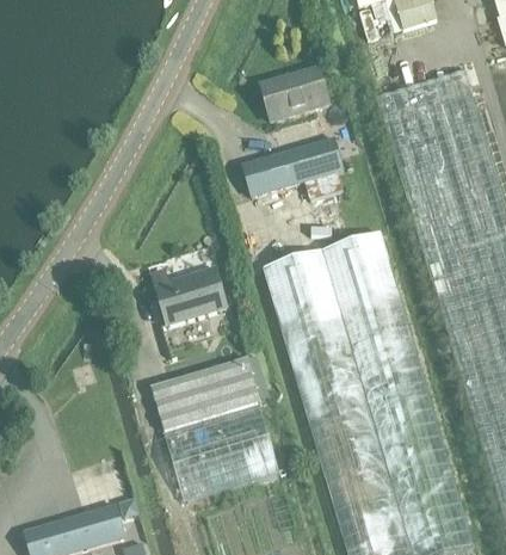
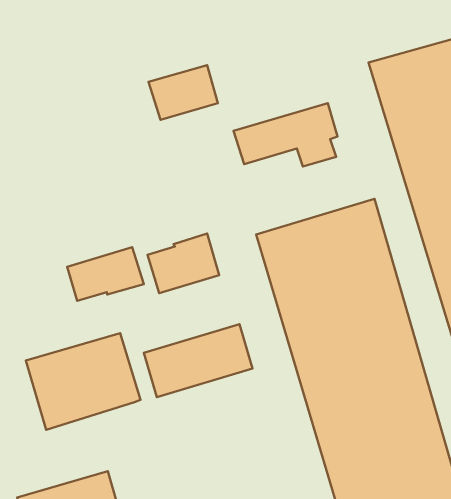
building: [260,66,329,121] -> [149,65,218,120]
building: none -> [67,247,144,301]
building: [165,402,279,499] -> [26,333,140,430]

